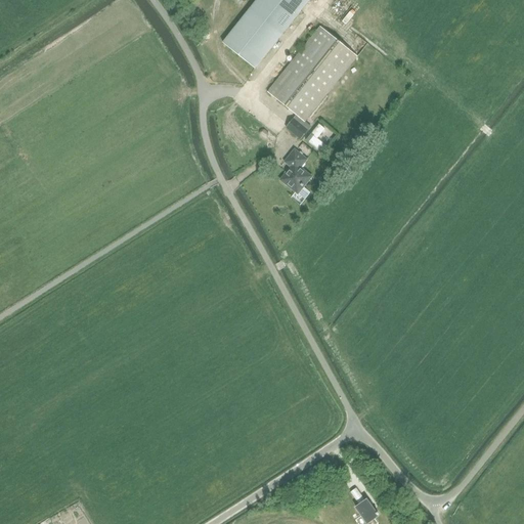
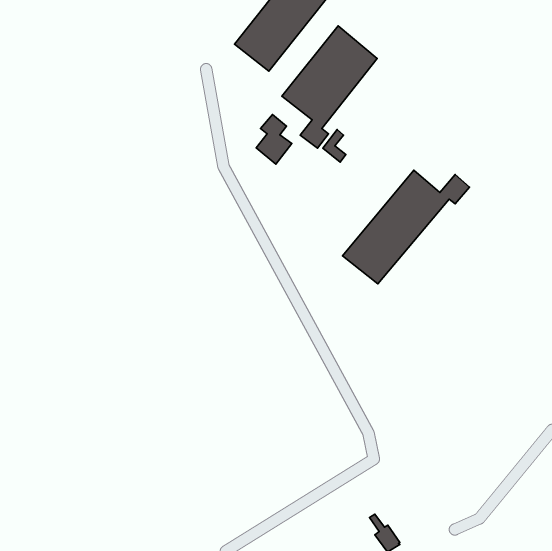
building: [279,147,313,194] -> [256,114,292,164]
building: none -> [342,170,469,284]

